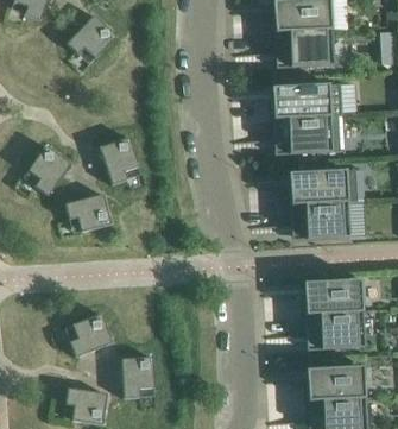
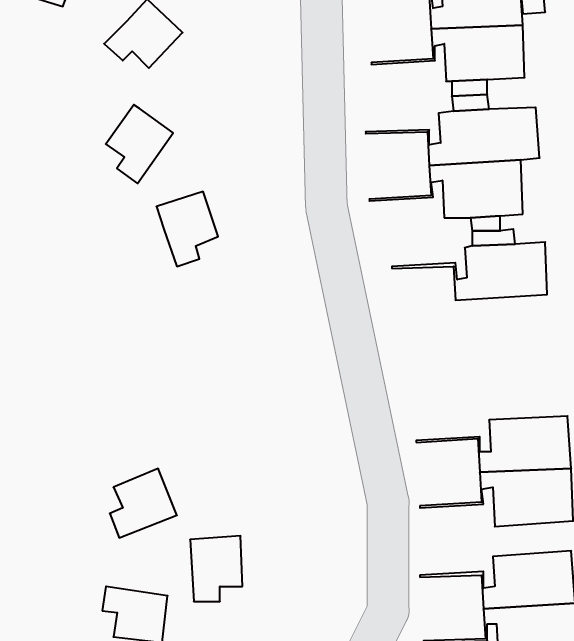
building: [29,145,71,195] -> [106,105,173,183]
building: [65,194,112,231] -> none
building: [252,202,350,239] -> none

